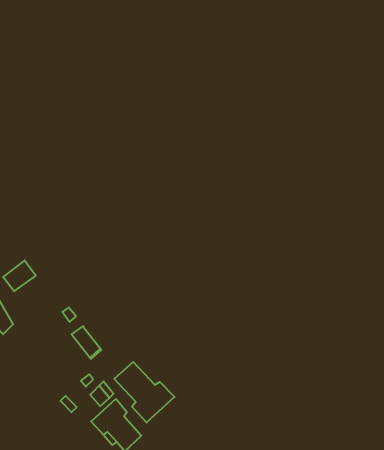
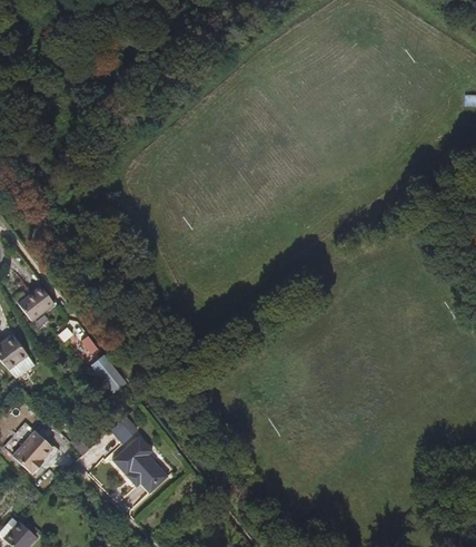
building: [114,362,175,423] -> none
building: none -> [20,427,60,469]

